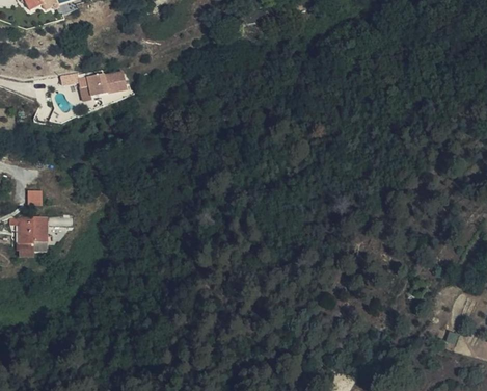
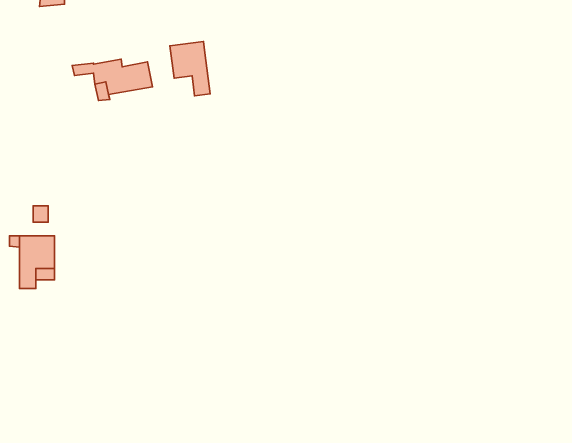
building: none -> [170,42,210,96]

